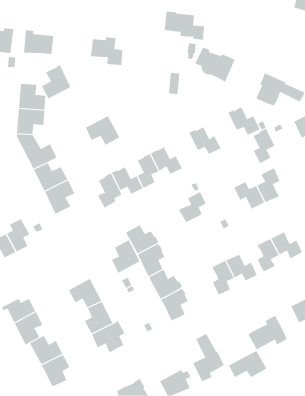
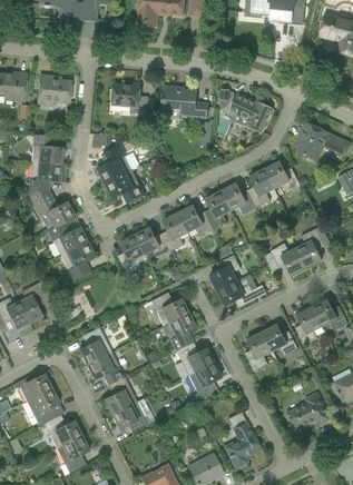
building: [164,11,205,40] -> [161,87,207,119]
building: [41,64,71,99] -> [98,145,131,184]
building: [253,128,275,164] -> [249,167,274,207]
building: none -> [206,189,231,229]
building: none -> [216,280,256,307]
building: [111,239,140,273] -> [79,327,111,365]
building: [228,350,267,378] -> none

